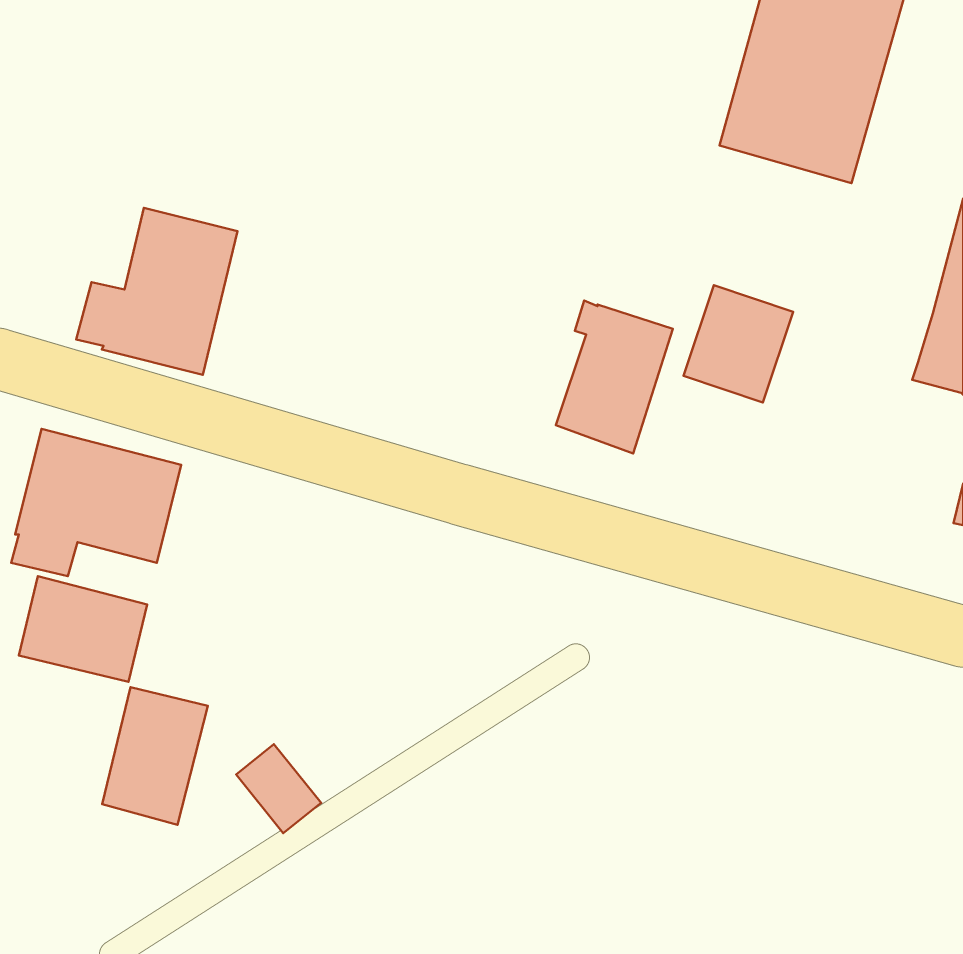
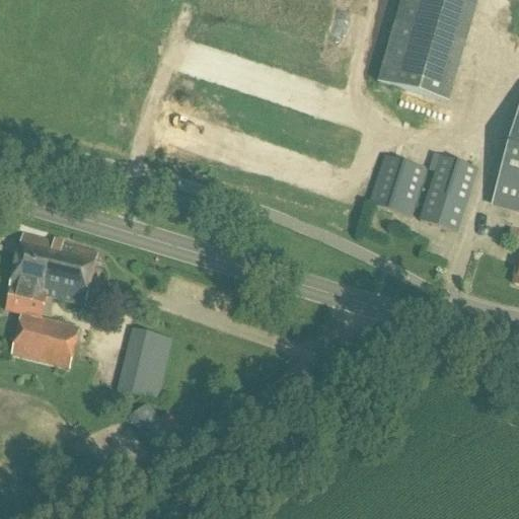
building: [76,208,238,375] -> none
building: [556,301,673,454] -> [417,150,479,232]
building: [102,687,208,825] -> [116,325,172,399]

